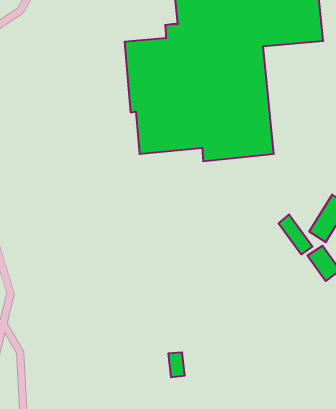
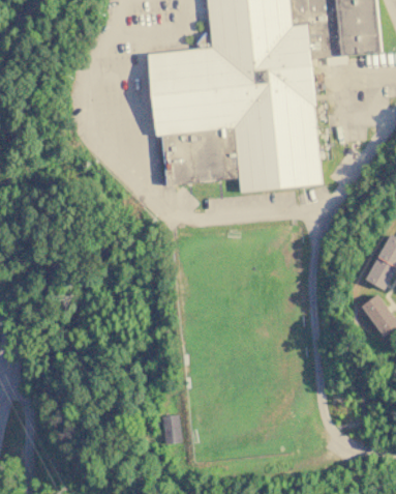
building: [279,214,312,254] -> none
building: [168,352,185,377] -> [160,414,180,443]

